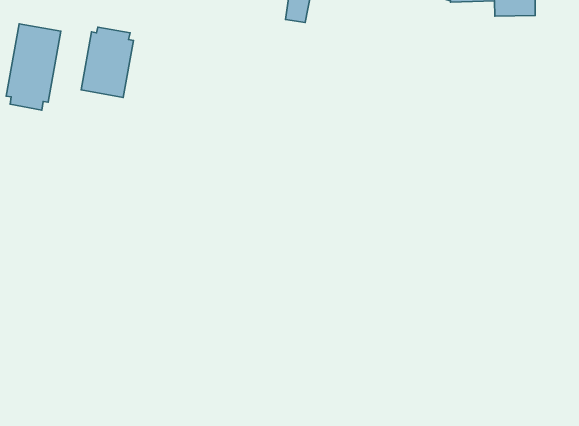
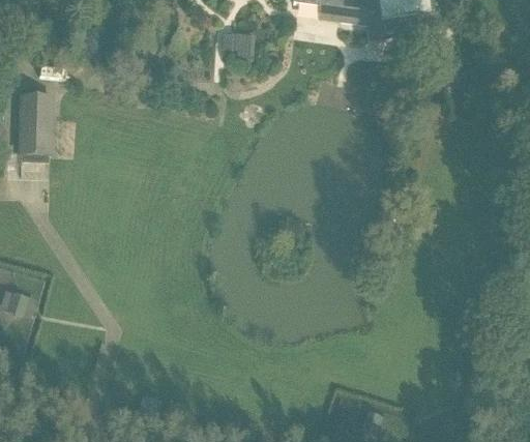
building: [81,27,133,97] -> none

